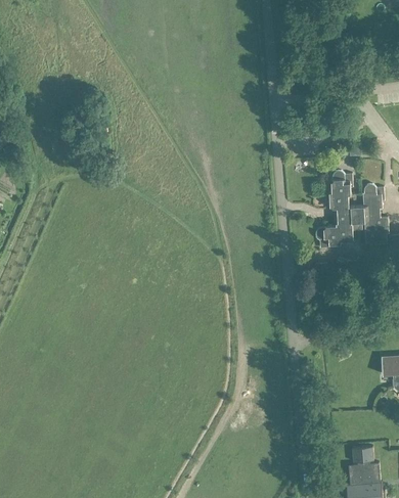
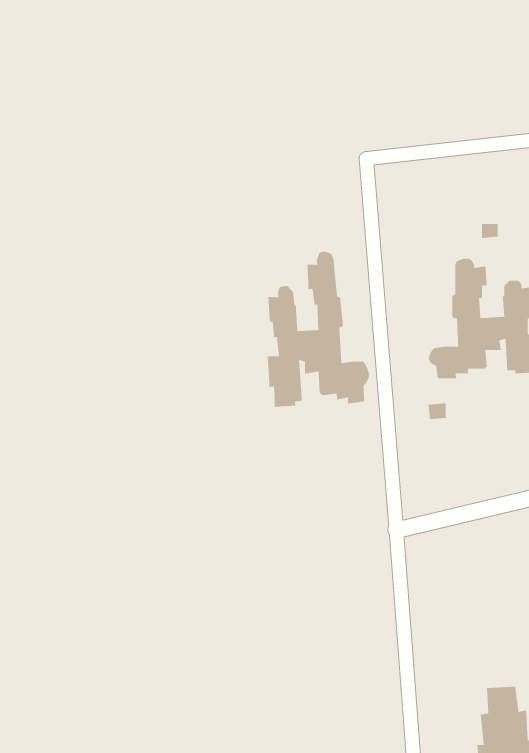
building: none -> [267,251,370,408]

